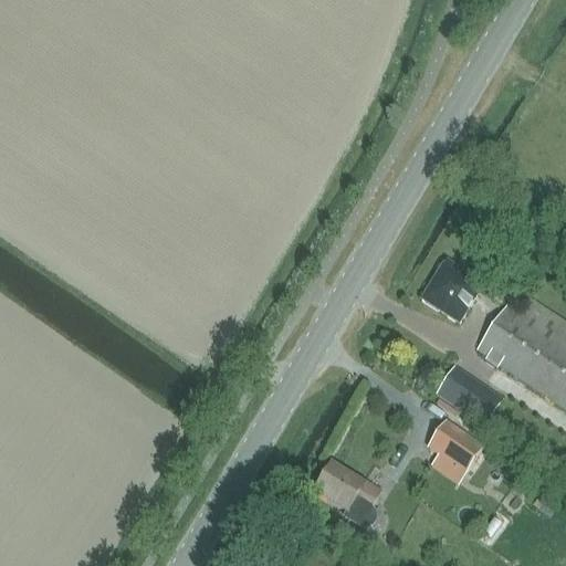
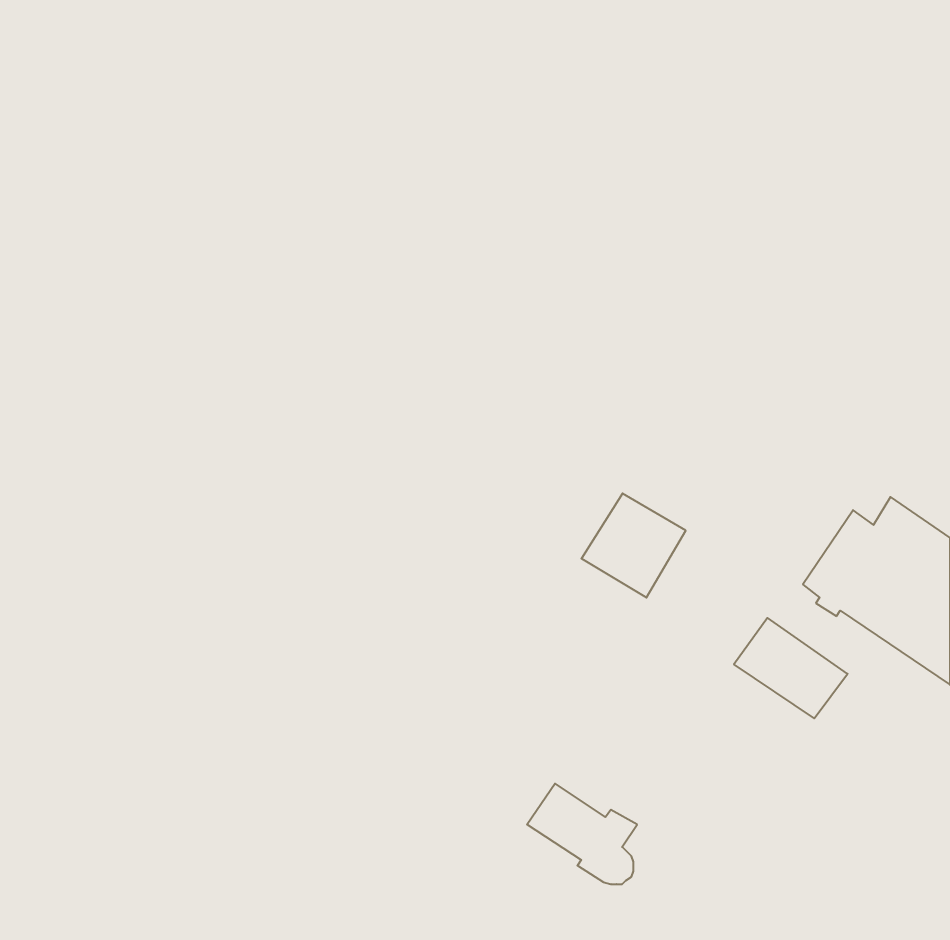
building: [419,258,481,319] -> [581,493,686,598]
building: [427,419,483,472] -> none

